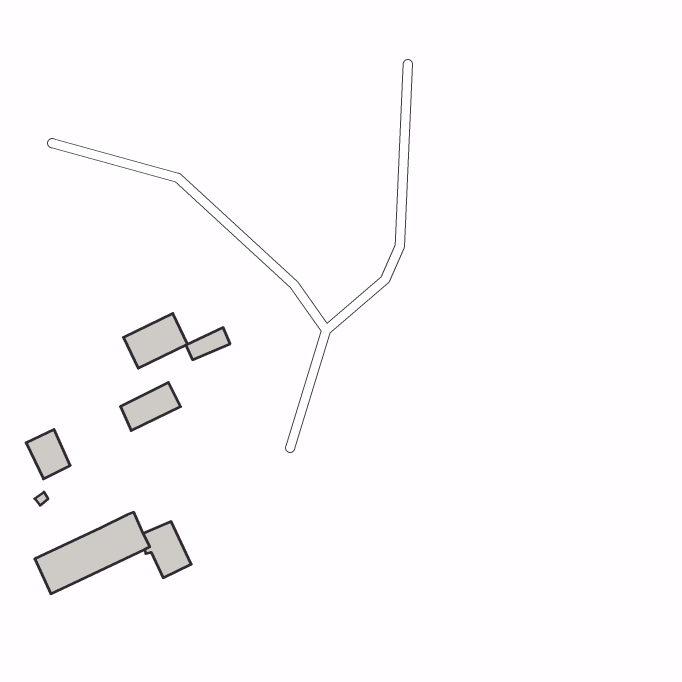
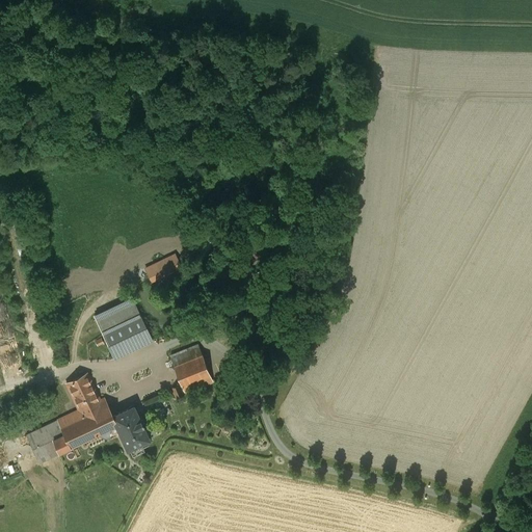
building: [123,313,188,368] -> [102,317,152,360]
building: [26,429,70,479] -> [64,373,99,411]
building: none -> [169,346,211,392]

